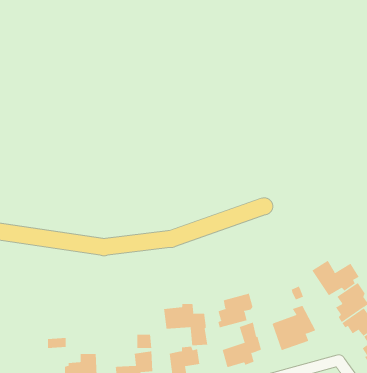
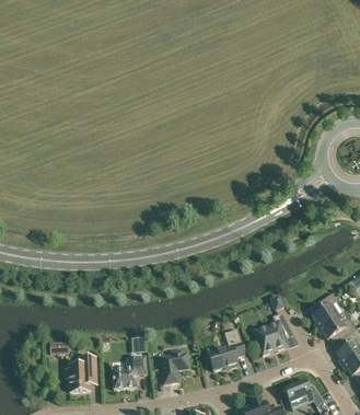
building: [311,260,359,296] -> none
building: [218,293,253,328] -> none
building: [164,303,208,346] -> none

